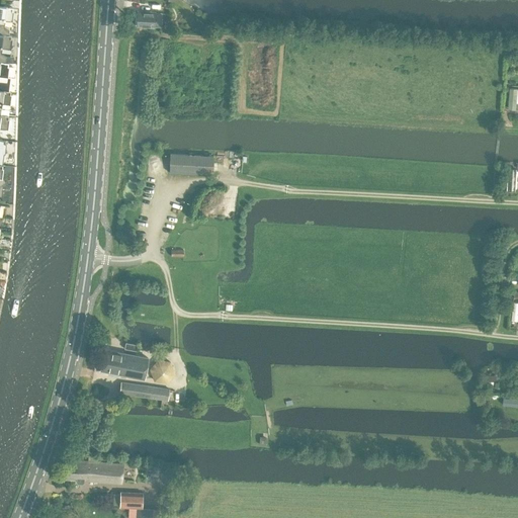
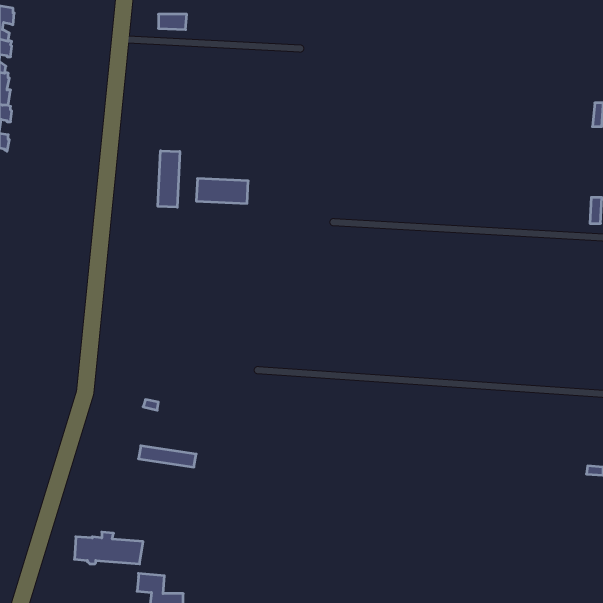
building: none -> [158,151,180,207]
building: [99,350,147,379] -> none

